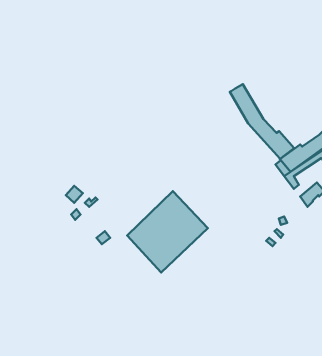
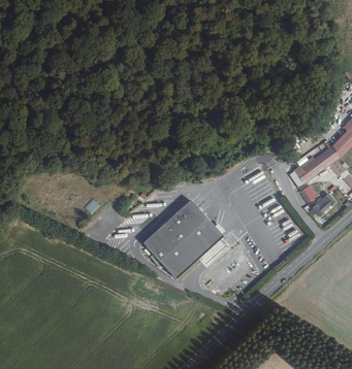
building: [230,84,294,159] -> none

